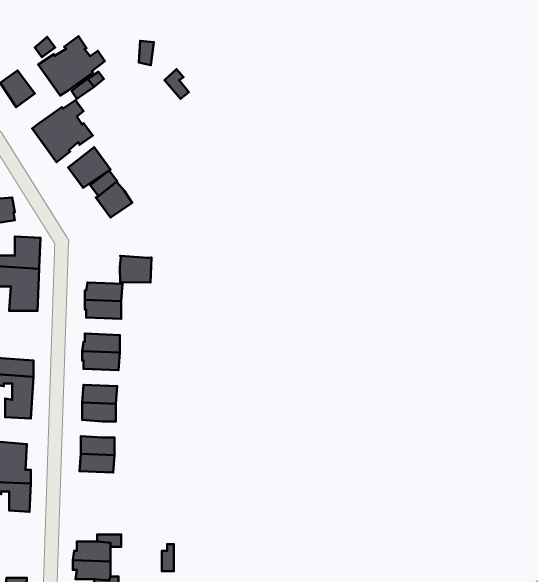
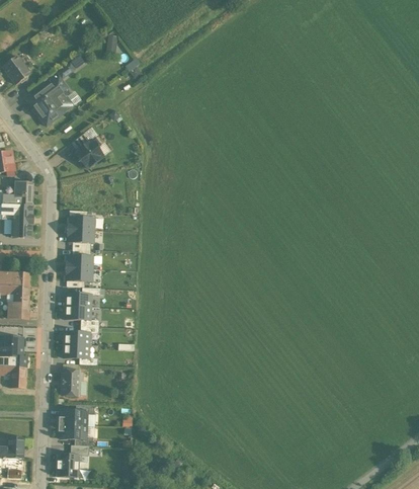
building: [38,36,105,96] -> none
building: [68,147,110,188] -> none
building: [120,256,151,282] -> none
building: none -> [62,369,82,394]

